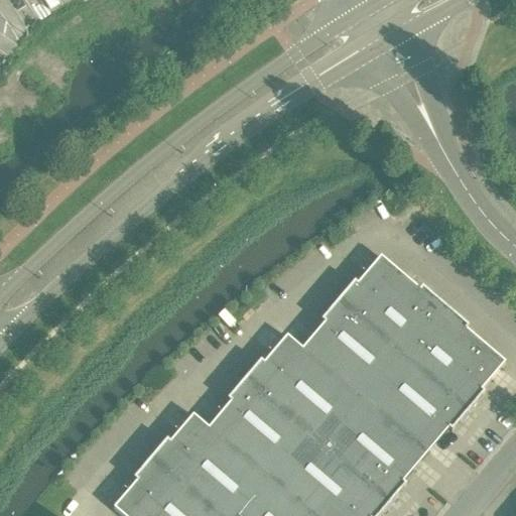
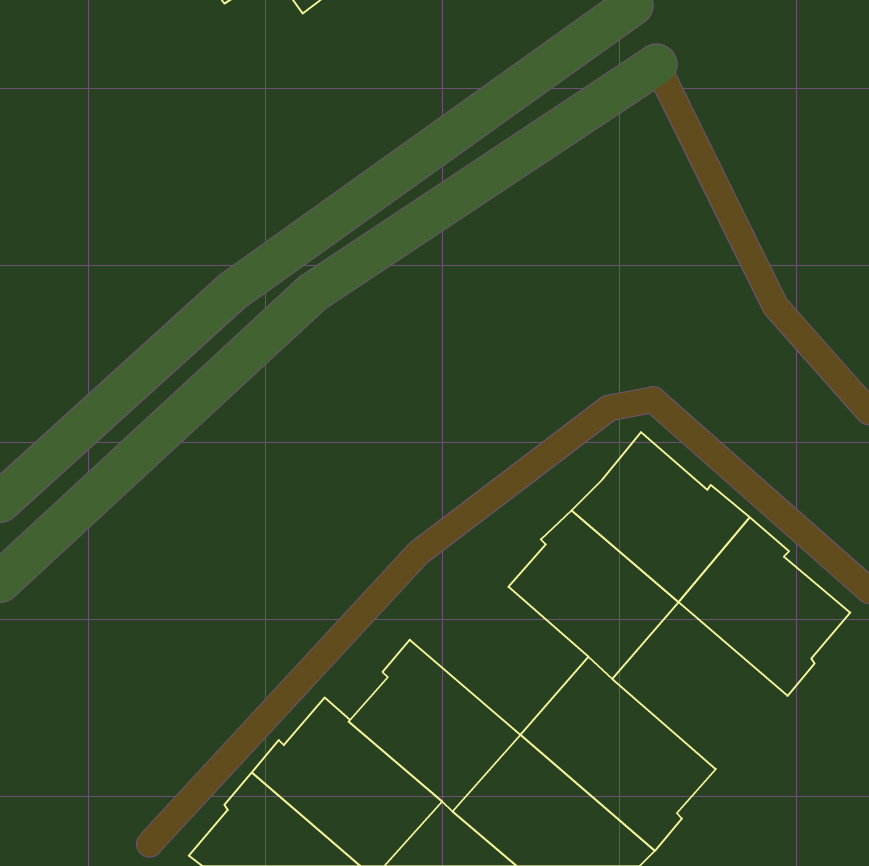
building: [243,335,349,435] -> none
building: [363,357,467,456] -> none

